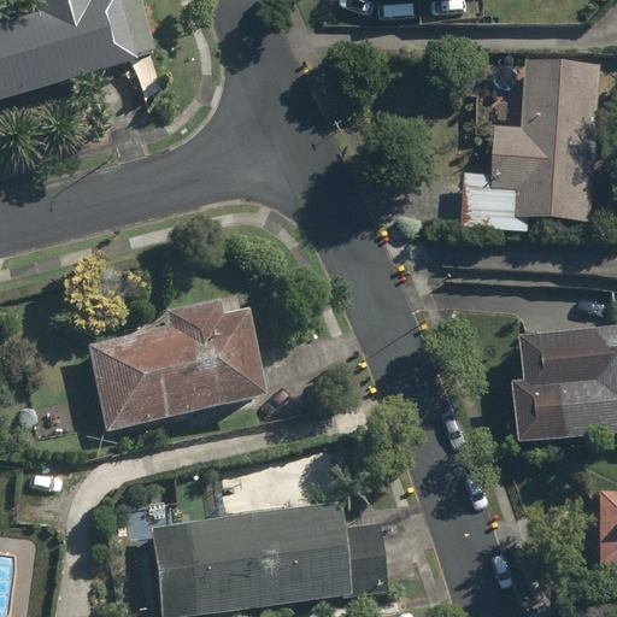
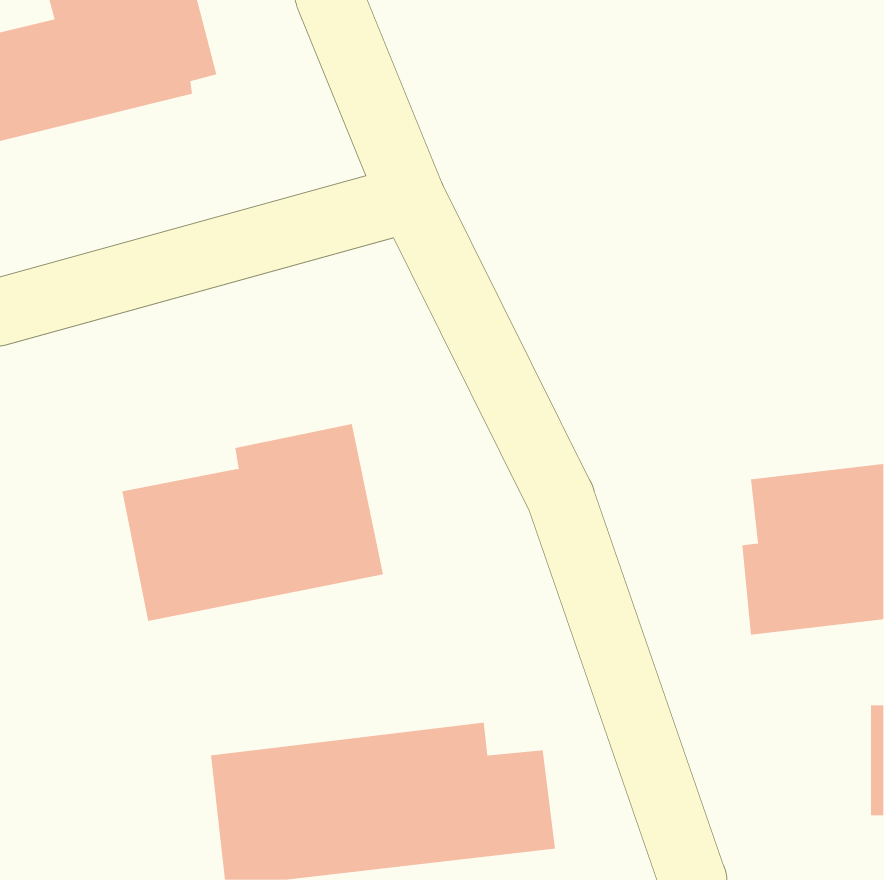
building: [463,57,601,228] -> none

